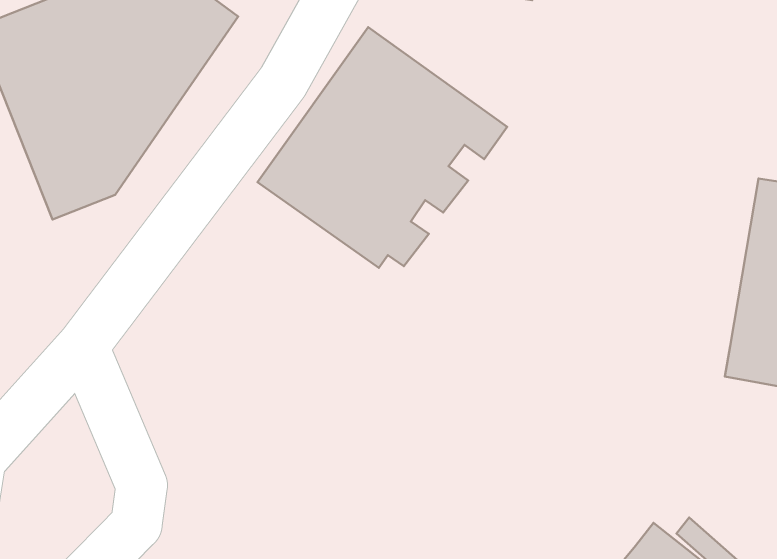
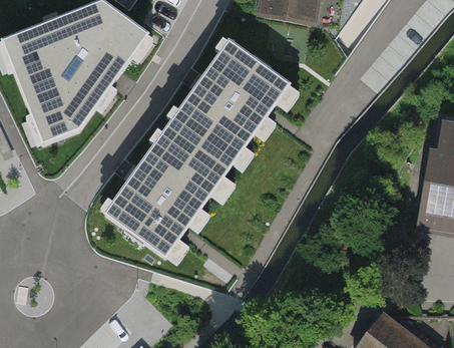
building: none -> [98,123,238,266]

